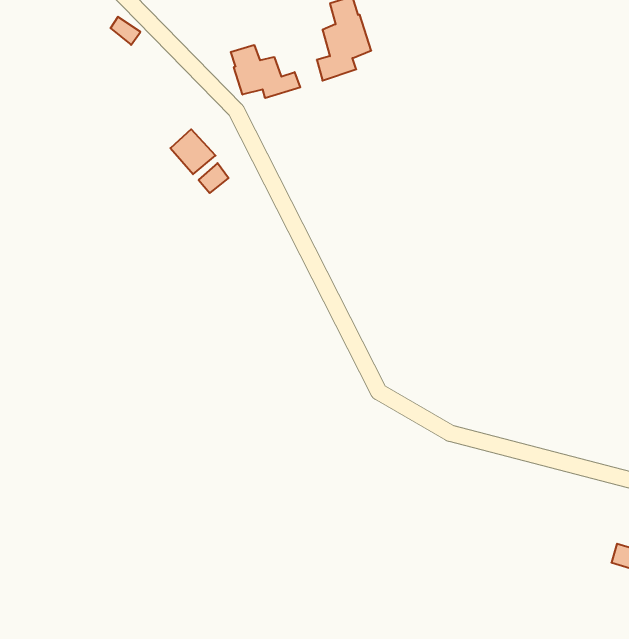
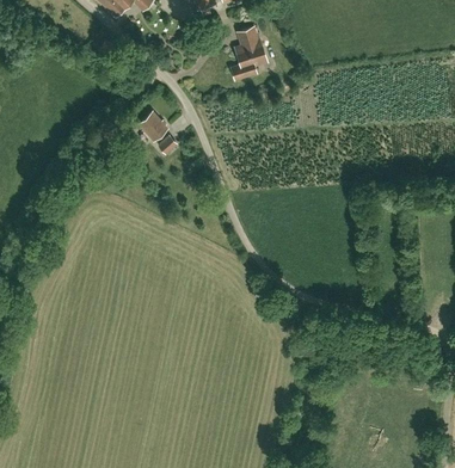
building: [231,45,300,98] -> none

